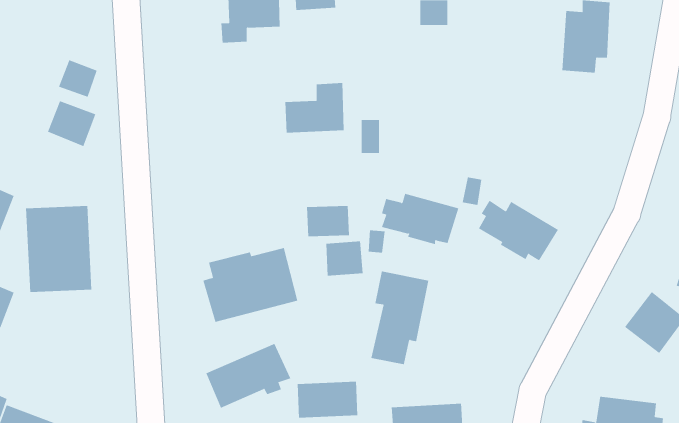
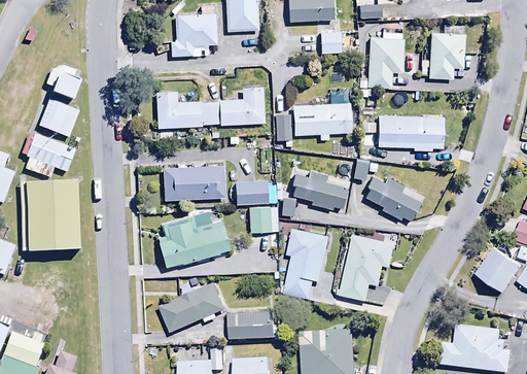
building: none -> [367,33,402,88]
building: none -> [154,91,218,128]
building: none -> [292,102,351,140]
building: none -> [377,113,444,150]
building: none -> [25,134,72,173]
building: none -> [163,165,225,199]
building: none -> [340,234,395,305]

